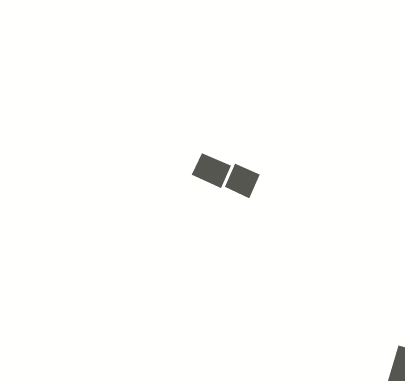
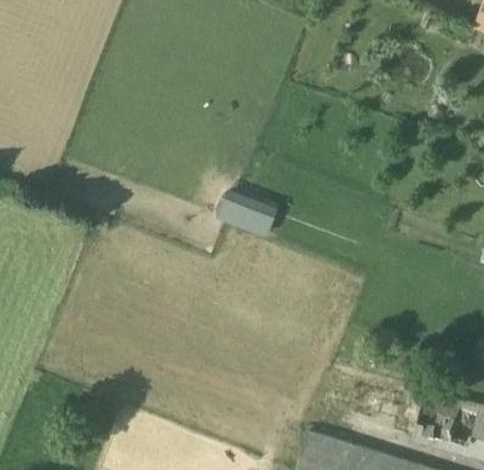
building: [224,163,261,199] -> none

